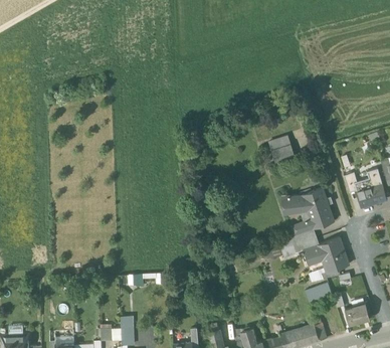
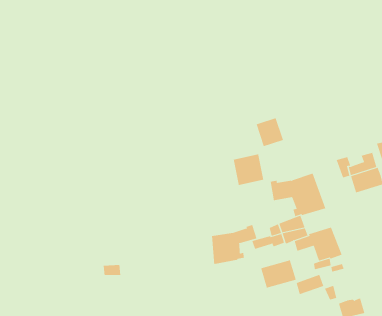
building: none -> [233,154,264,186]
building: none -> [211,224,257,265]
building: none -> [260,260,297,289]

